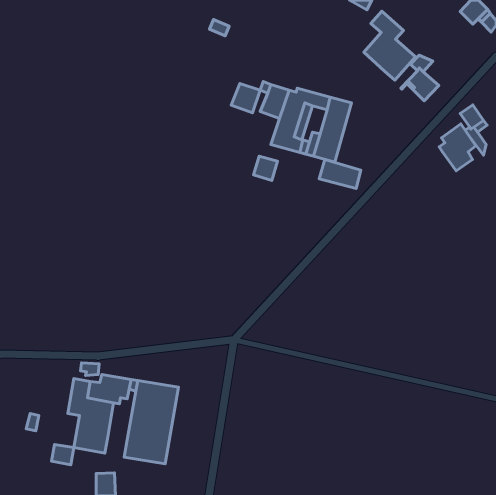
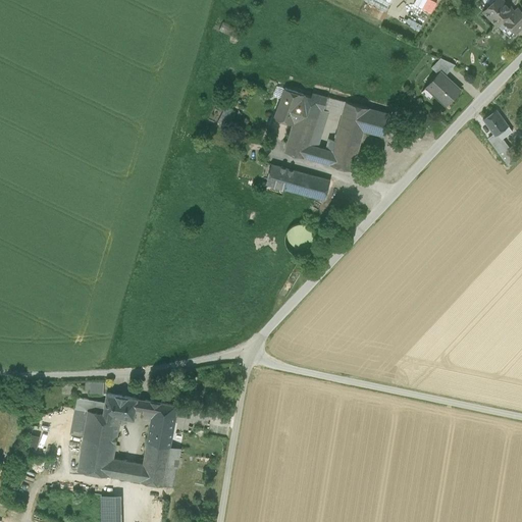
building: [364,11,415,80] -> none
building: [231,83,260,113] -> none
building: none -> [363,109,390,138]
building: [439,124,476,171] -> none
building: [319,159,361,189] -> [285,170,329,201]
building: [51,445,74,465] -> [110,460,134,481]

